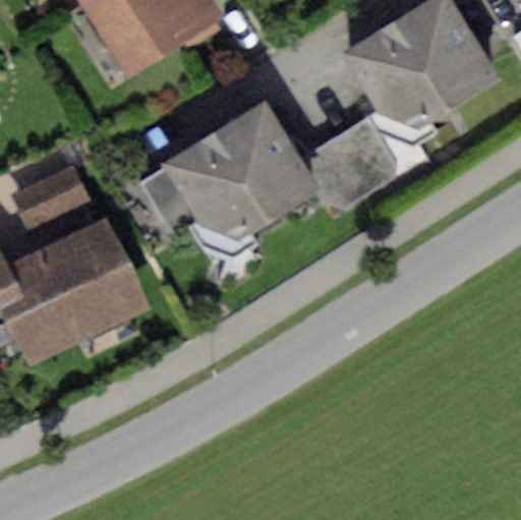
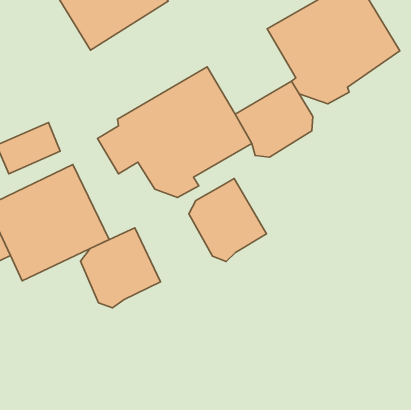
building: none -> [189,179,267,261]
building: none -> [81,228,161,308]

